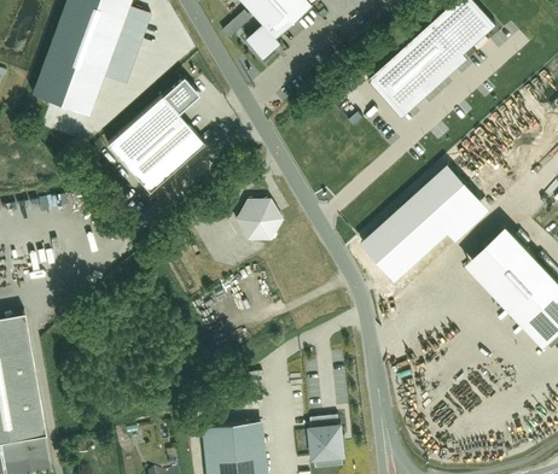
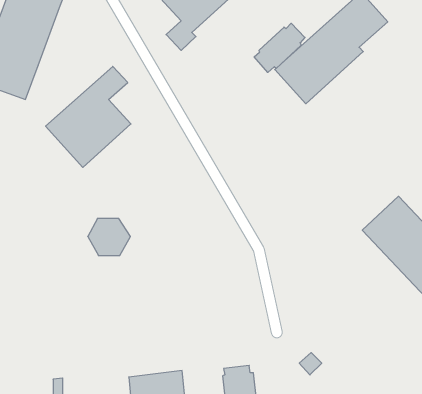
building: [100,7,149,86] -> none
building: none -> [254,23,305,72]
building: [359,166,479,281] -> none
building: [237,200,285,242] -> [88,218,130,256]

